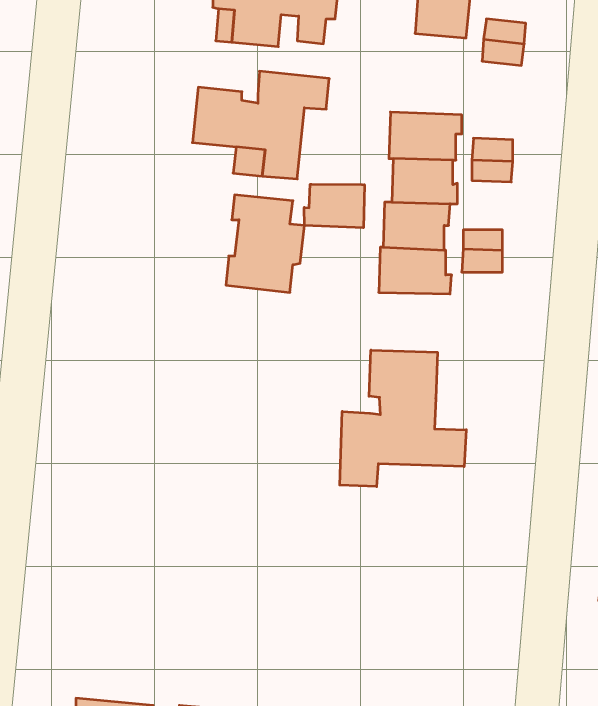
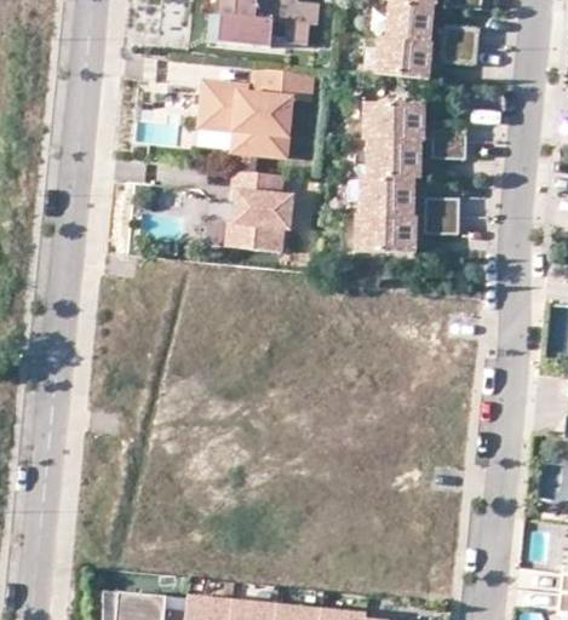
building: none -> [375,34,430,76]
building: [304,184,364,228] -> none
building: [340,350,466,487] -> none

